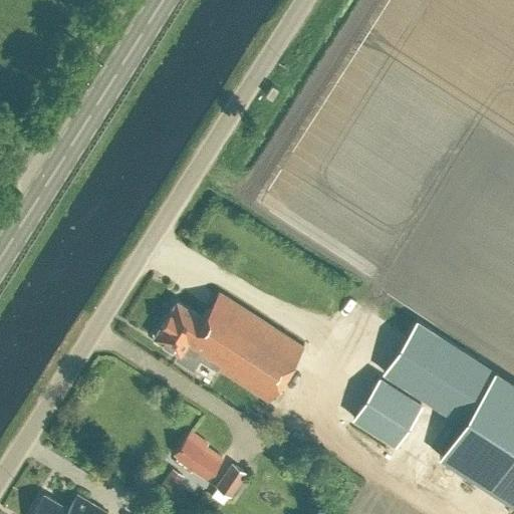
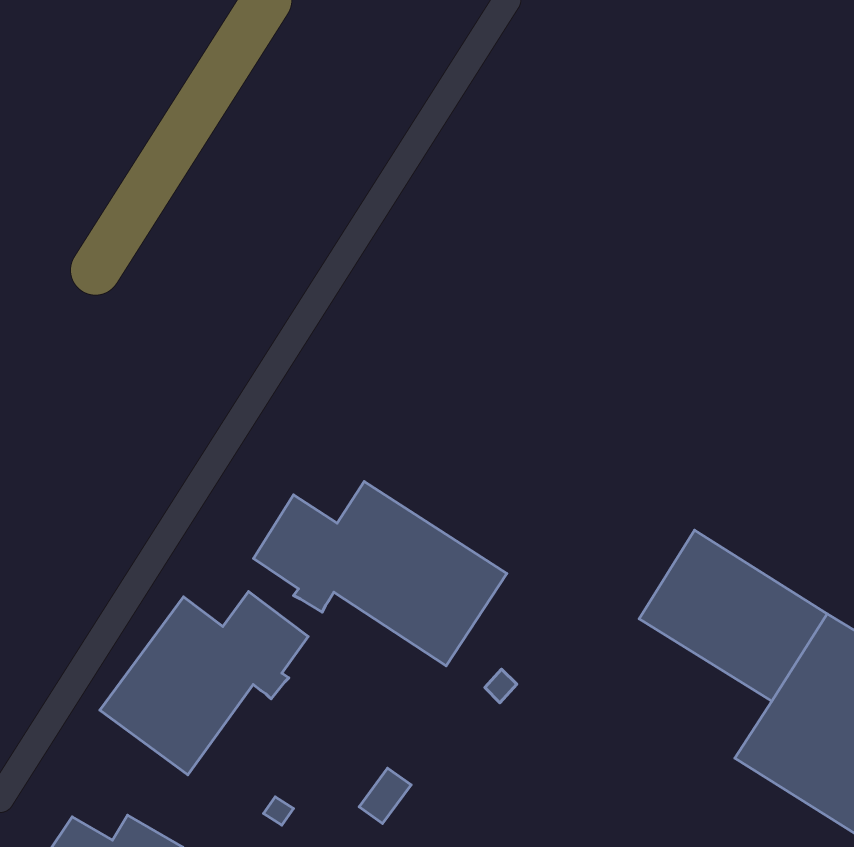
building: none -> [100,592,308,775]
building: [354,379,424,448] -> none
building: [175,434,223,482] -> none

